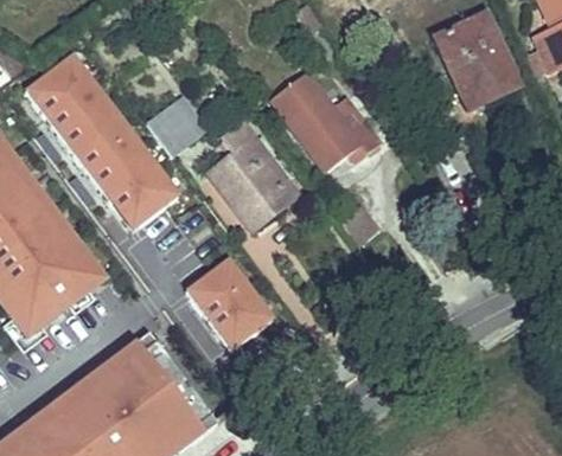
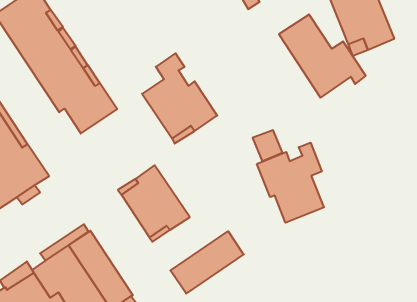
building: [272,72,378,171] -> [279,14,366,98]
building: [147,96,207,156] -> none
building: none -> [257,143,324,223]
building: none -> [170,231,244,294]

